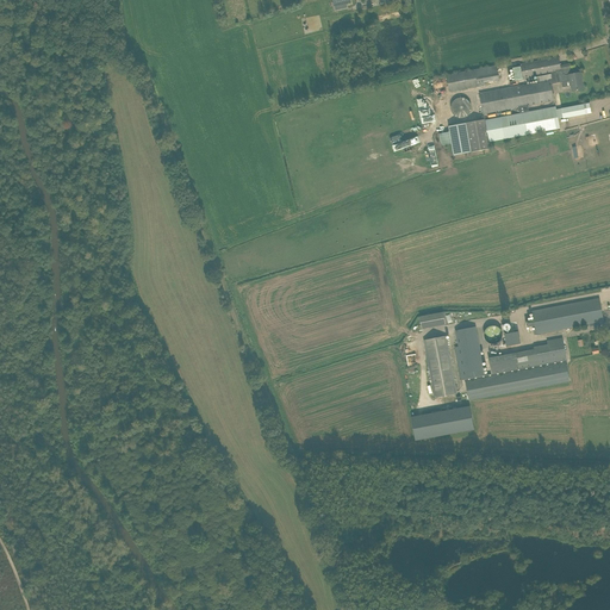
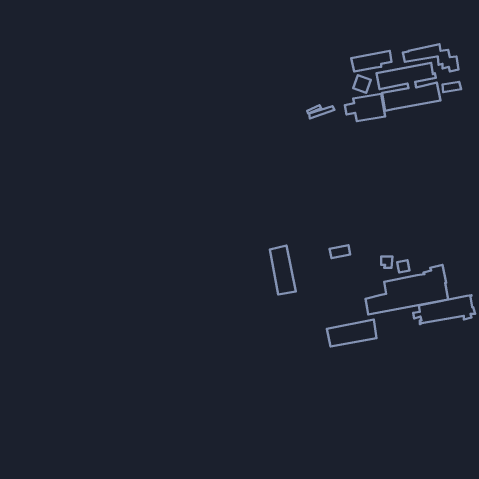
building: [524,297,603,334] -> [413,295,475,324]
building: [454,325,484,379] -> none
building: [423,335,456,397] -> [270,246,296,294]

